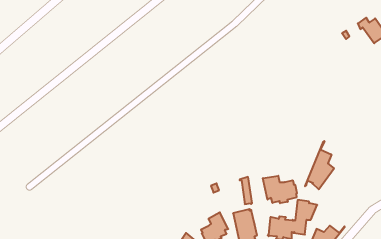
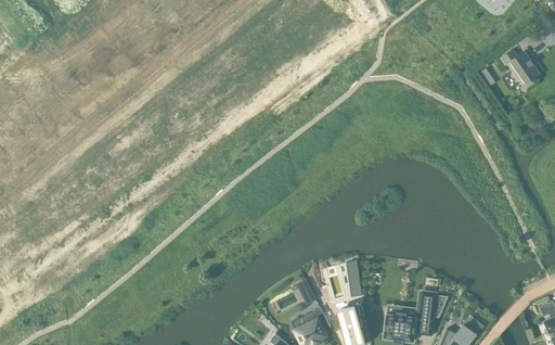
building: [305,141,334,189] -> none
building: [263,176,297,203] -> none

